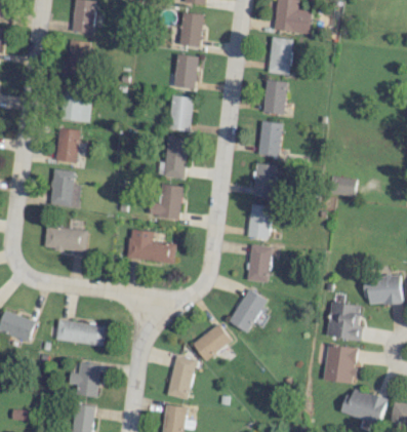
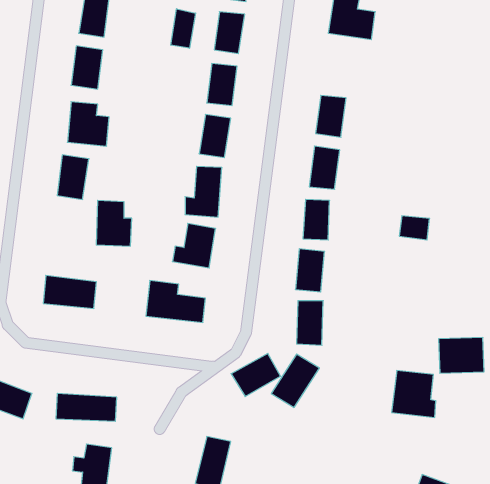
building: none -> [171,9,196,48]
building: [269,37,294,74] -> none
building: [50,170,79,207] -> [96,200,132,246]
building: [191,325,231,360] -> [231,353,281,397]
building: [322,345,356,384] -> none

